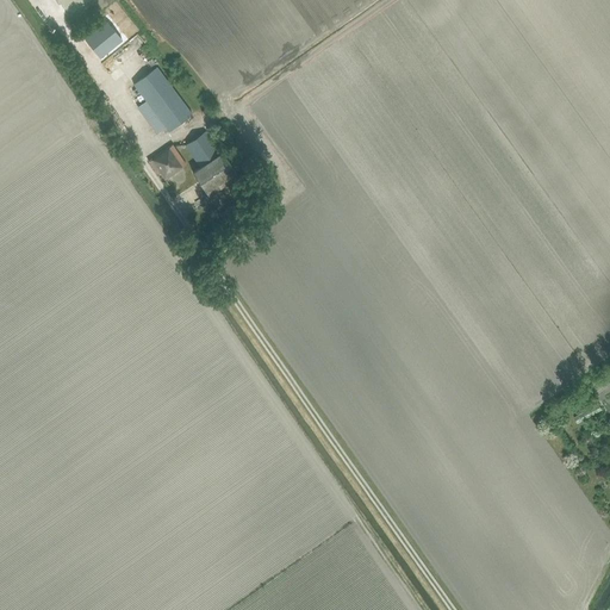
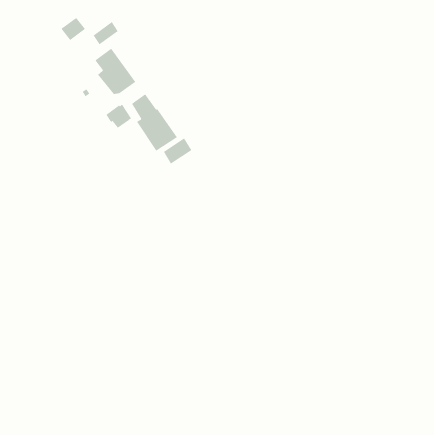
building: none -> [93,21,118,45]
building: none -> [163,137,192,165]

